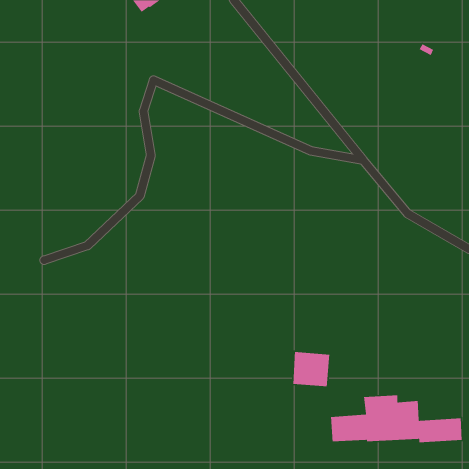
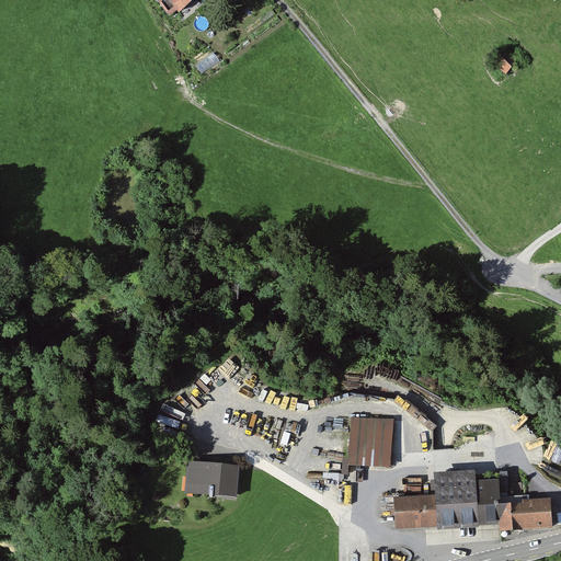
building: none -> [184,461,239,497]

